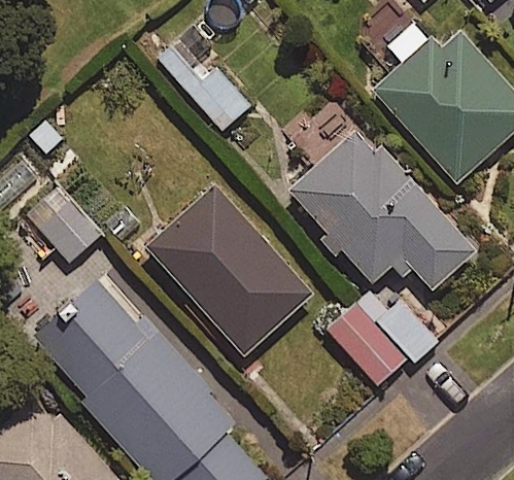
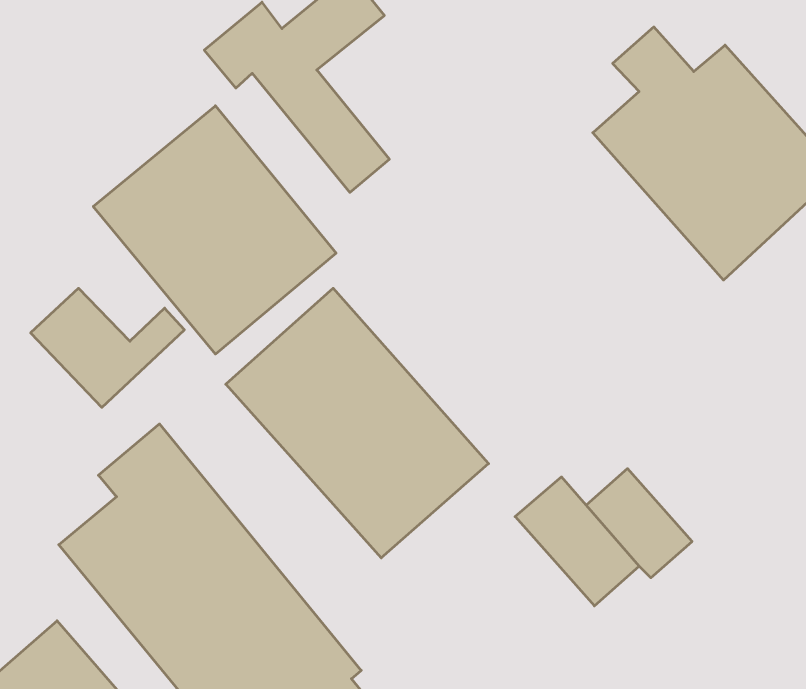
building: none -> [93,106,336,354]
building: [289,108,474,292] -> none

